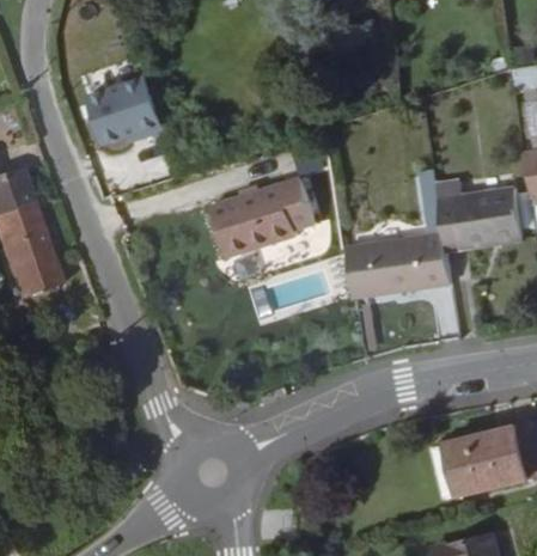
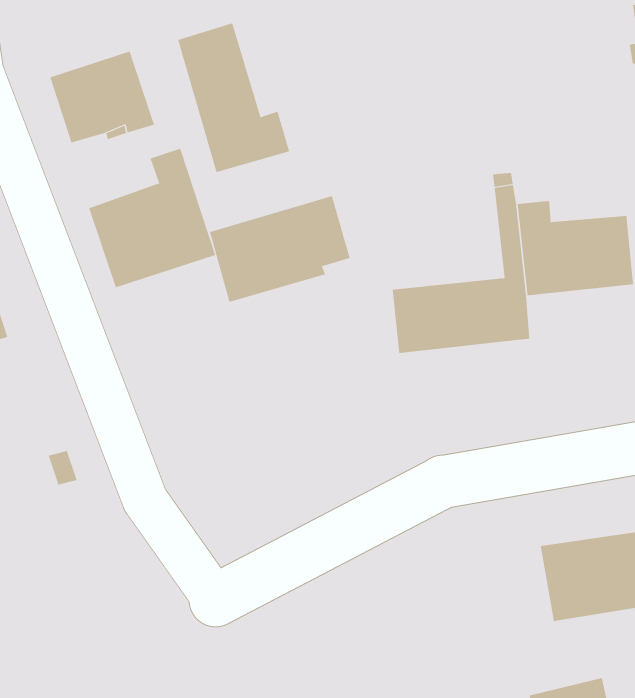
building: none -> [178,22,290,173]
building: none -> [89,148,216,288]

